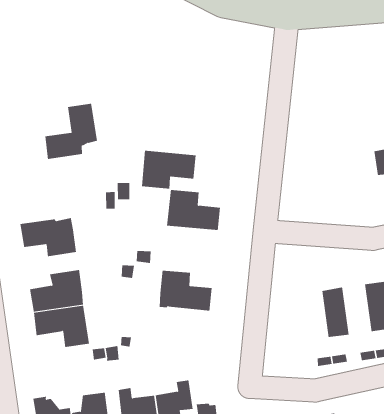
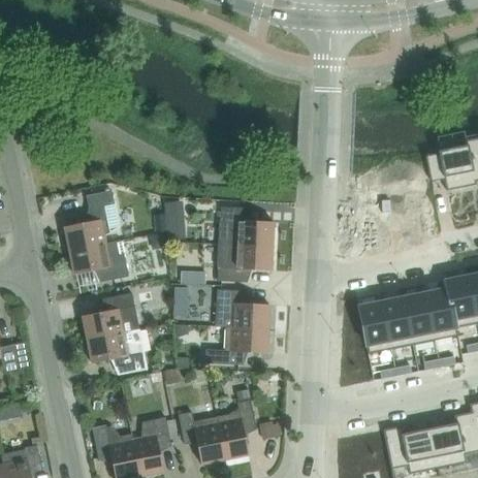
building: [44,103,98,159] -> [65,190,120,250]
building: [141,150,196,189] -> [218,244,273,282]
building: none -> [403,292,434,345]
building: none -> [358,301,390,353]
building: none -> [205,326,268,364]

